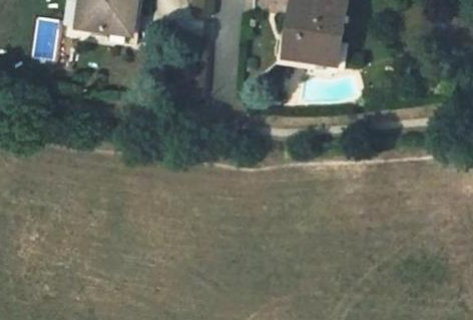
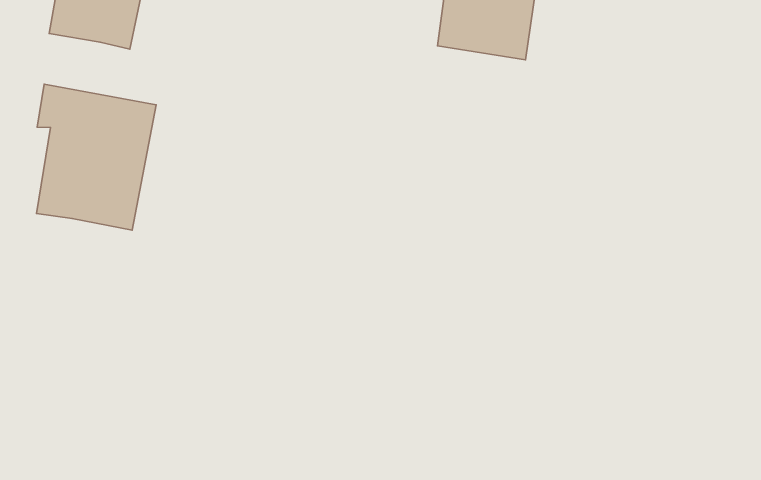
building: none -> [36,84,156,230]

